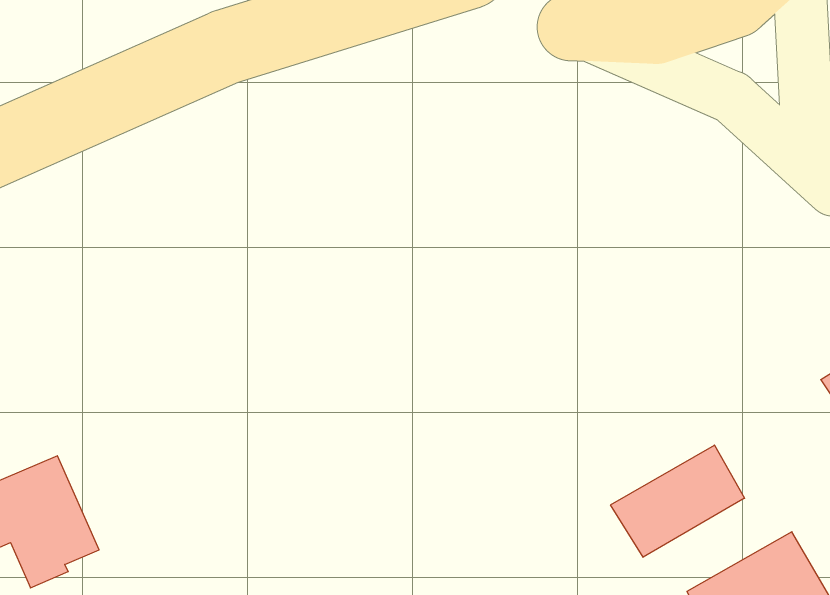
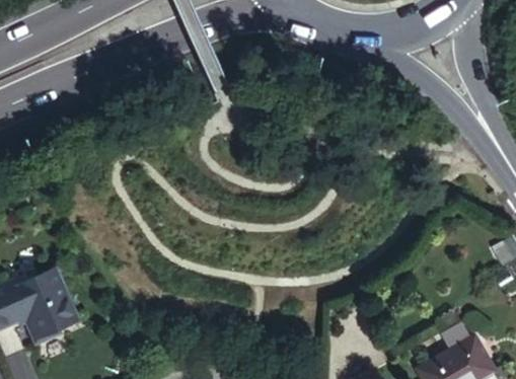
building: [611,445,745,557] -> none

